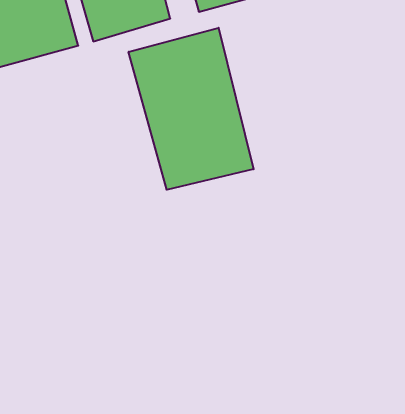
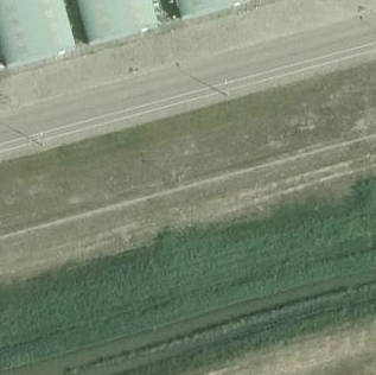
building: [129,28,254,190] -> none

